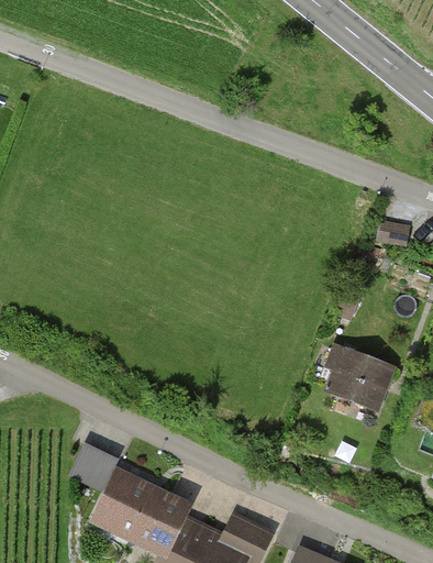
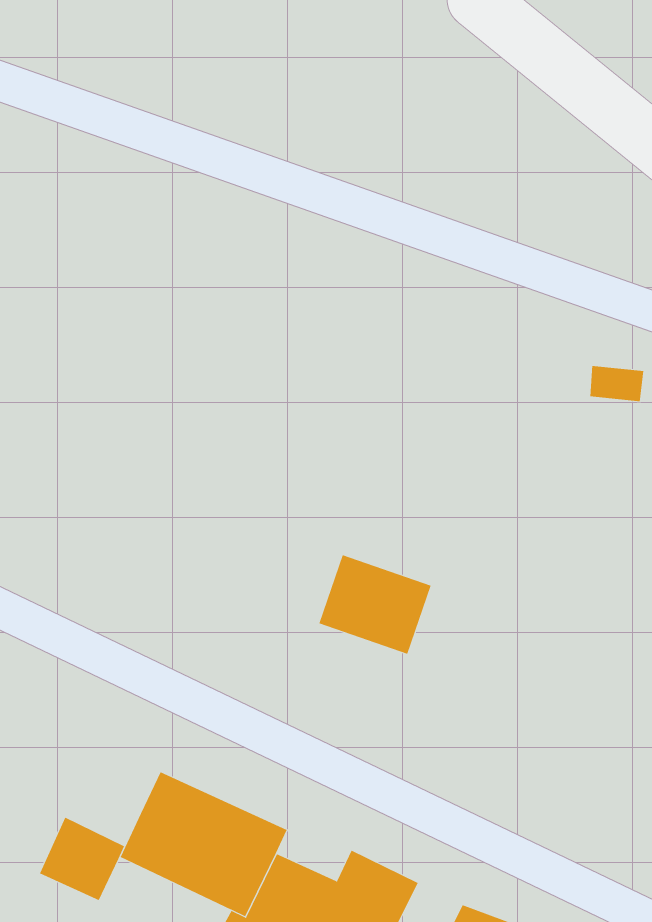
building: [326,347,395,408] -> [319,554,431,655]
building: [69,441,121,492] -> [39,817,125,901]

